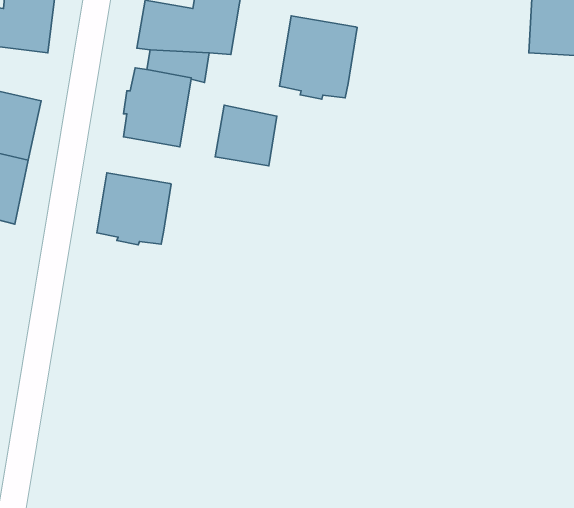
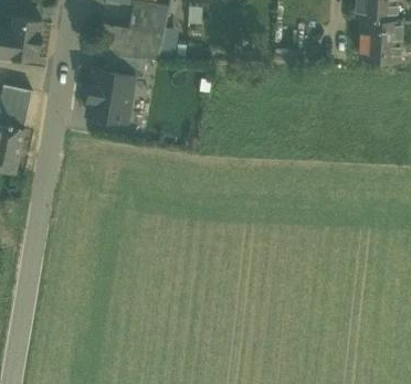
building: [279,16,357,99] -> none
building: [215,105,277,166] -> none
building: [97,173,171,245] -> none

